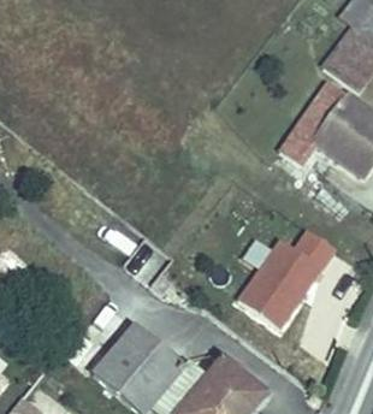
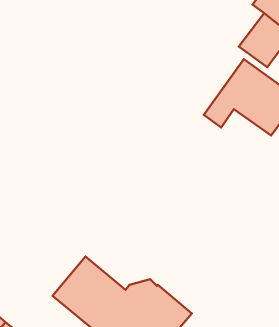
building: [237,229,334,329] -> none

